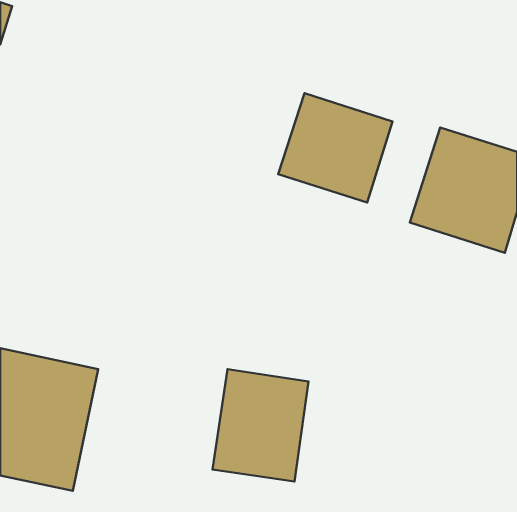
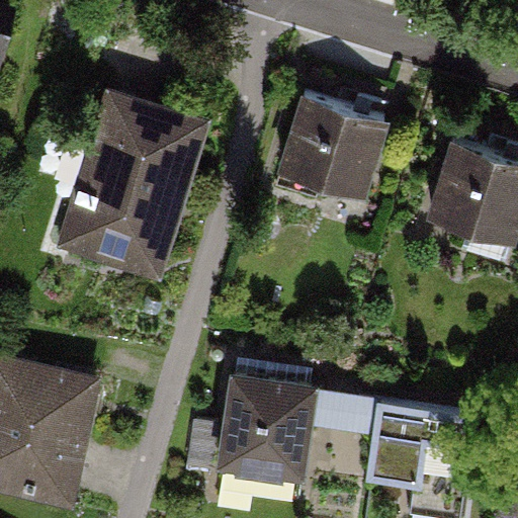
building: none -> [71,95,207,273]
building: none -> [361,403,465,497]

